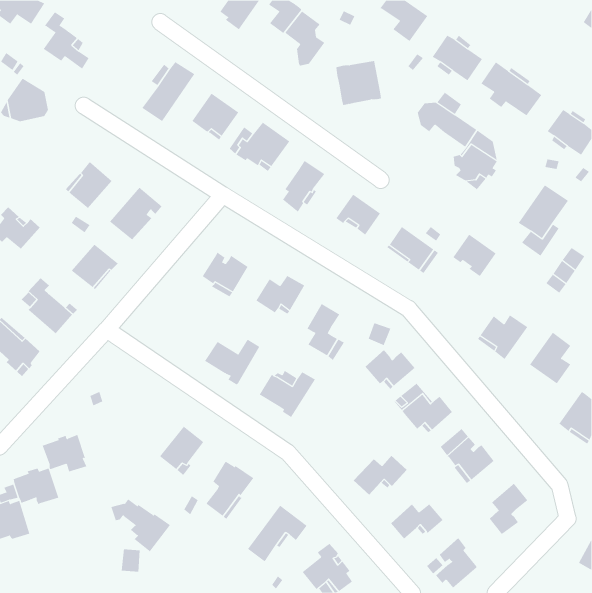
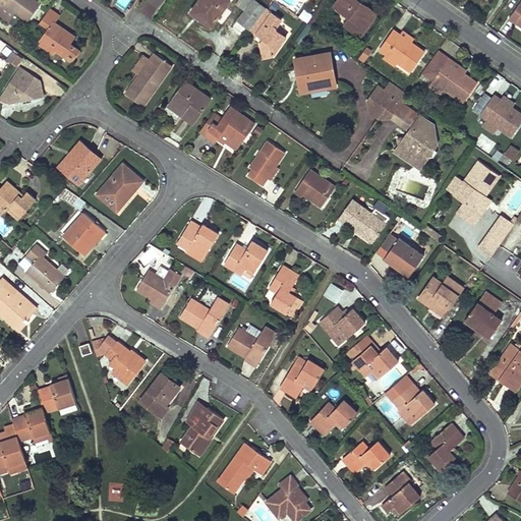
building: [452,234,497,277] -> [384,238,422,276]
building: none -> [135,269,180,308]
building: none -> [279,359,324,397]
building: [111,499,171,552] -> [92,337,144,384]

